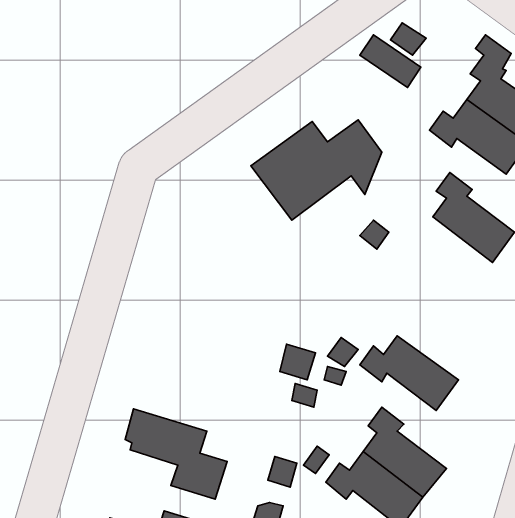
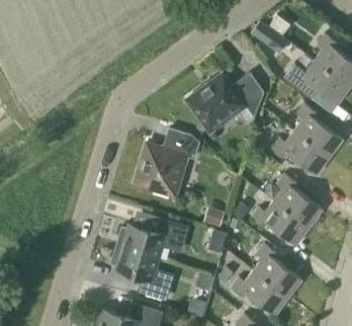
building: none -> [135,130,199,198]
building: none -> [272,131,330,176]
building: none -> [273,174,323,228]
building: none -> [116,220,186,258]

